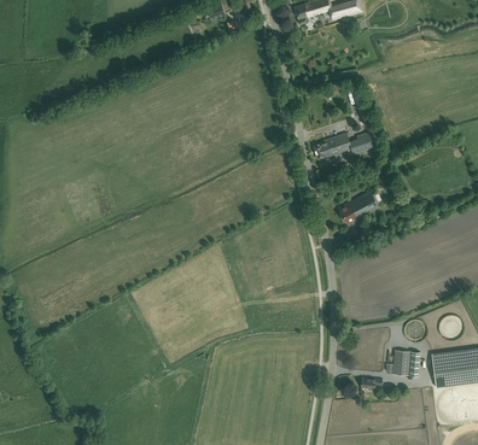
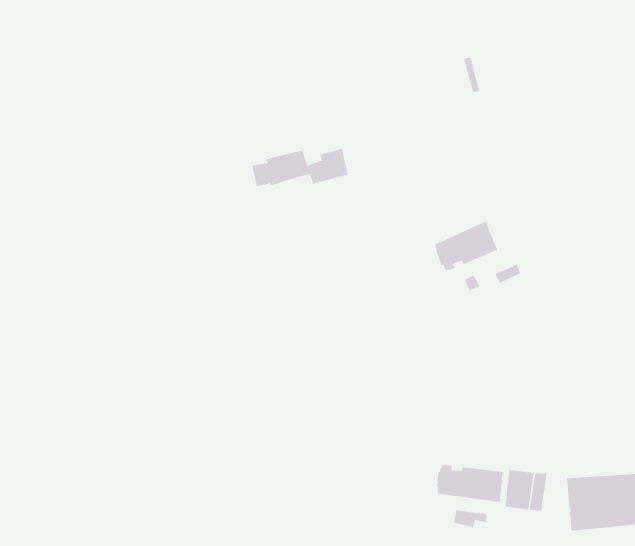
building: [313,130,375,158] -> [252,148,349,187]
building: none -> [437,465,503,503]

